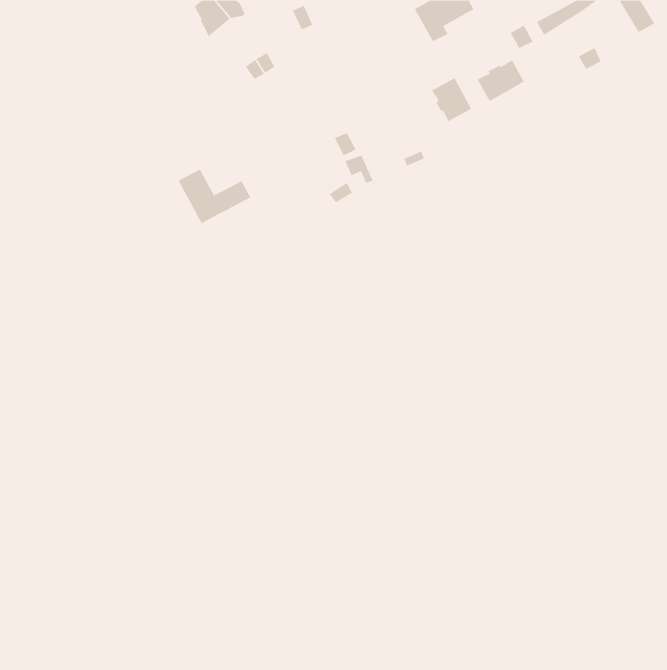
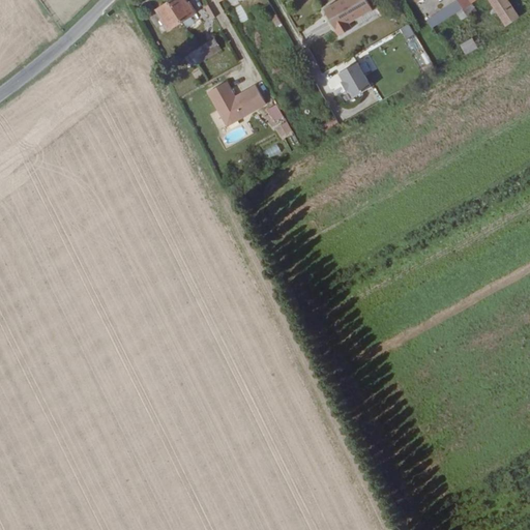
building: [477,59,525,102] -> none
building: [178,169,251,224] -> [208,78,266,121]

